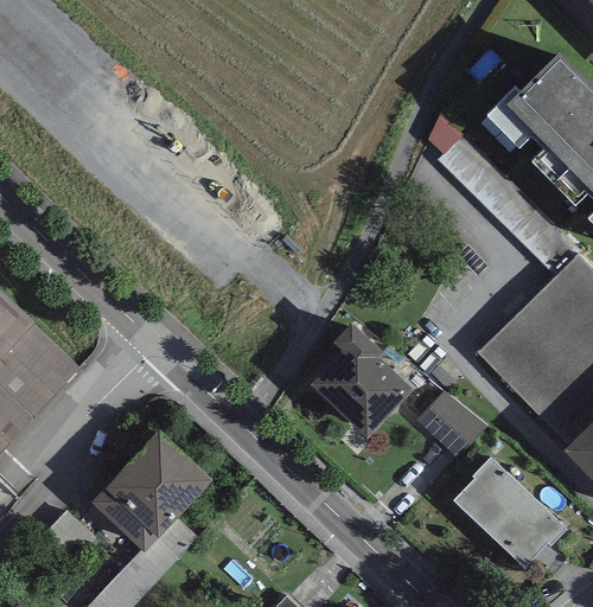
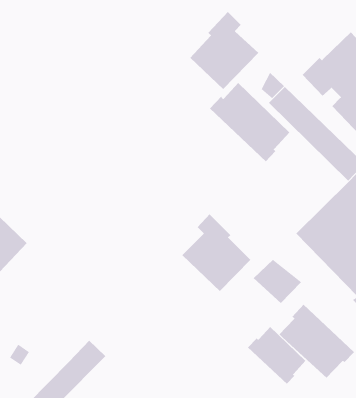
building: none -> [189,11,259,90]
building: none -> [209,82,290,162]
building: [90,421,211,543] -> none
building: none -> [247,326,306,384]

